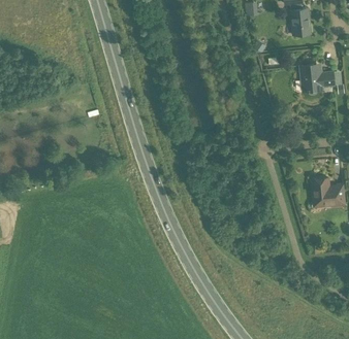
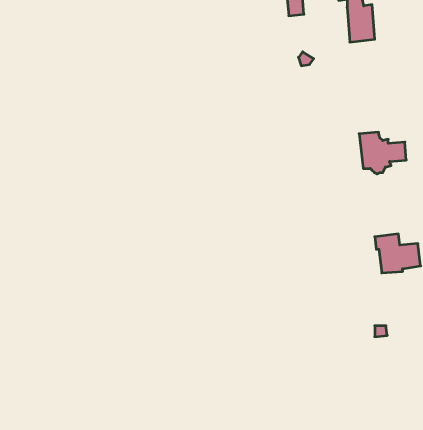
building: [298,63,334,94] -> [359,132,406,174]

